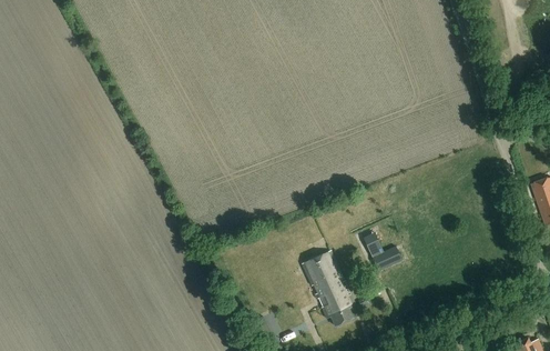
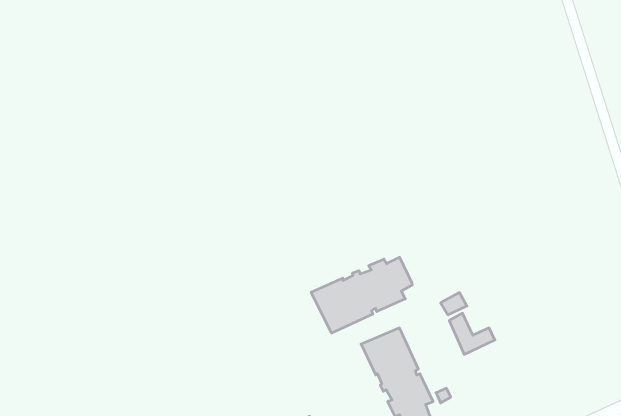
building: none -> [311,257,412,333]

